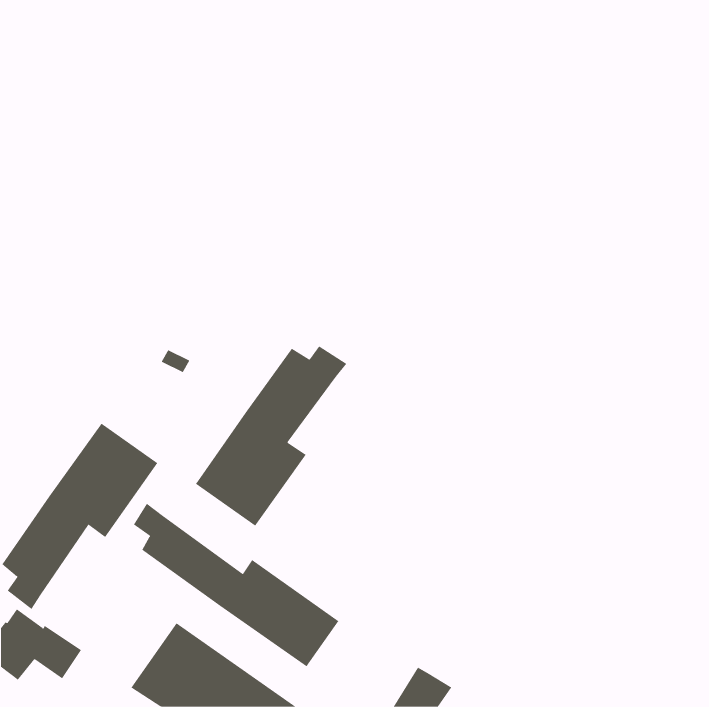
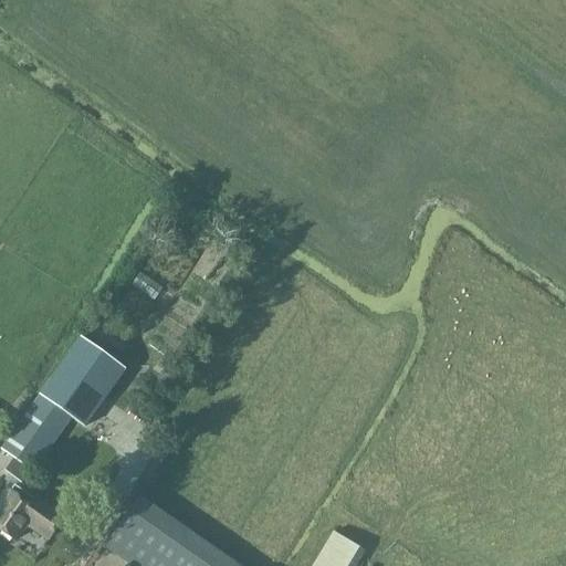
building: [195,345,347,526] -> none
building: [133,503,339,667] -> none

